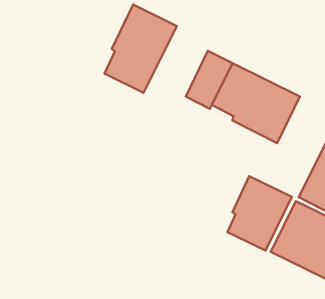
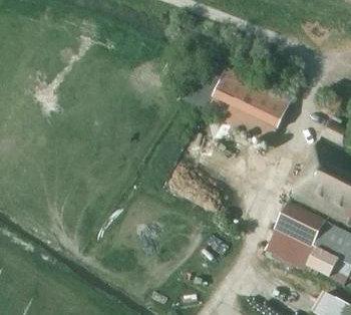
building: [105,4,177,93] -> none
building: [227,176,292,250] -> none

